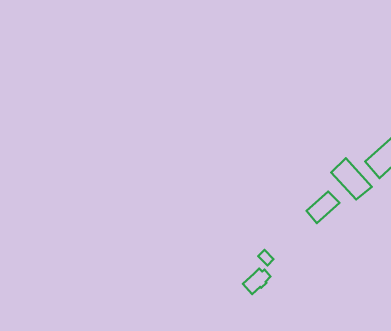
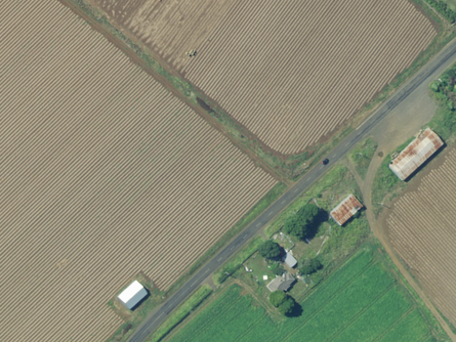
building: [331,158,372,200] -> none
building: none -> [116,280,146,309]

